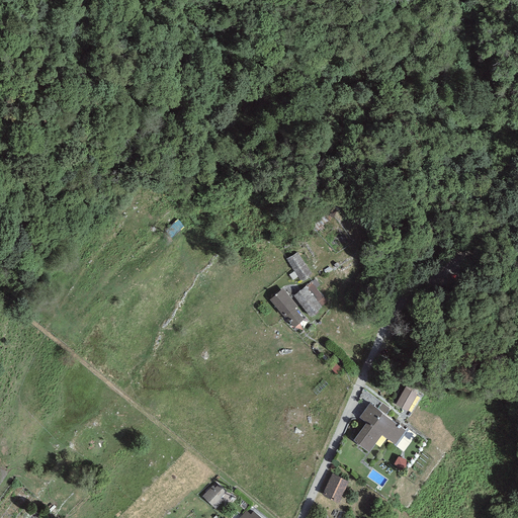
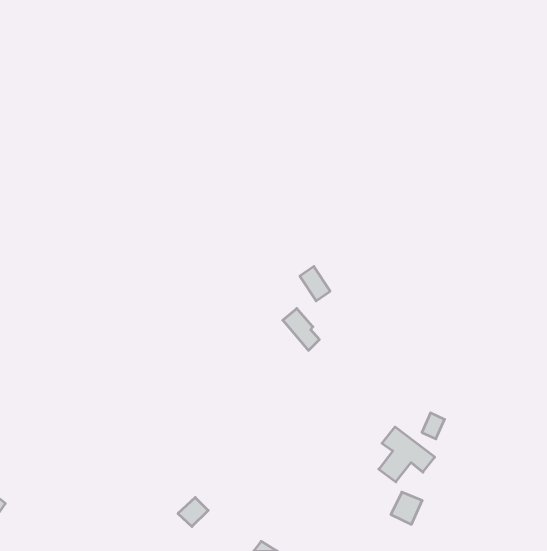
building: [286,279,324,316] -> none
building: [321,472,350,503] -> [391,492,422,524]
building: [199,482,228,509] -> [178,497,208,527]

